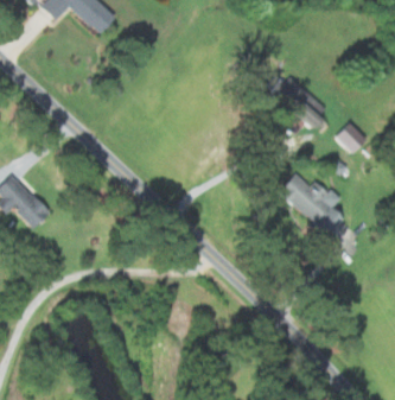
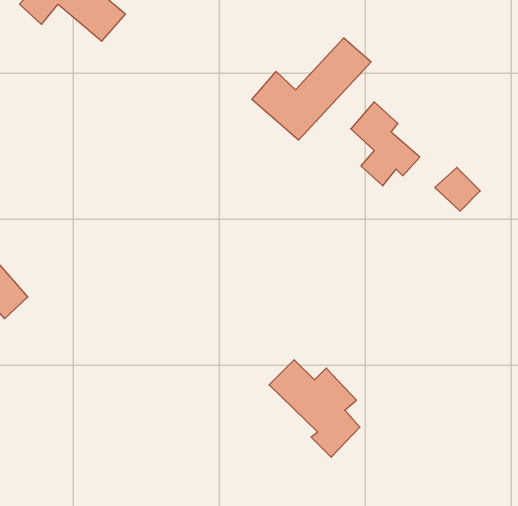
building: none -> [252,38,371,140]
building: [279,172,343,241] -> [269,360,360,457]

